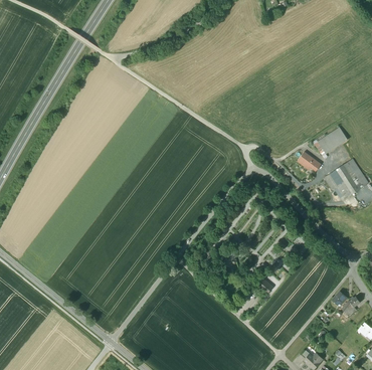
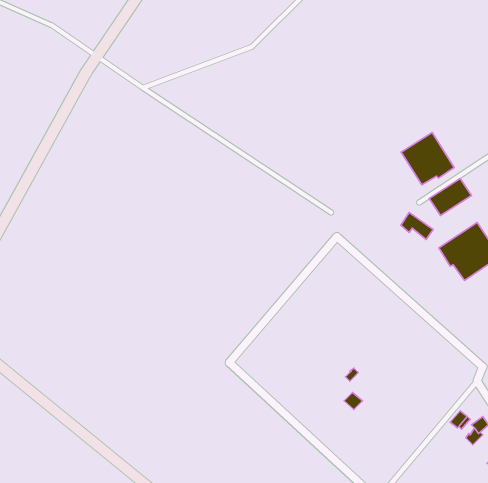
building: none -> [401,133,454,185]

